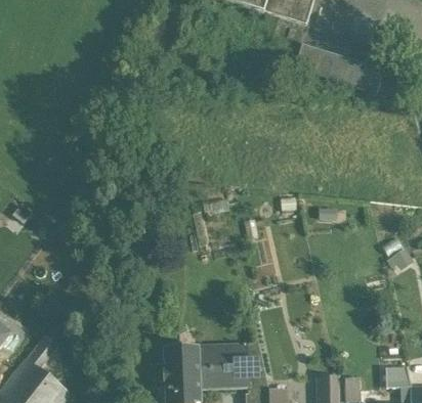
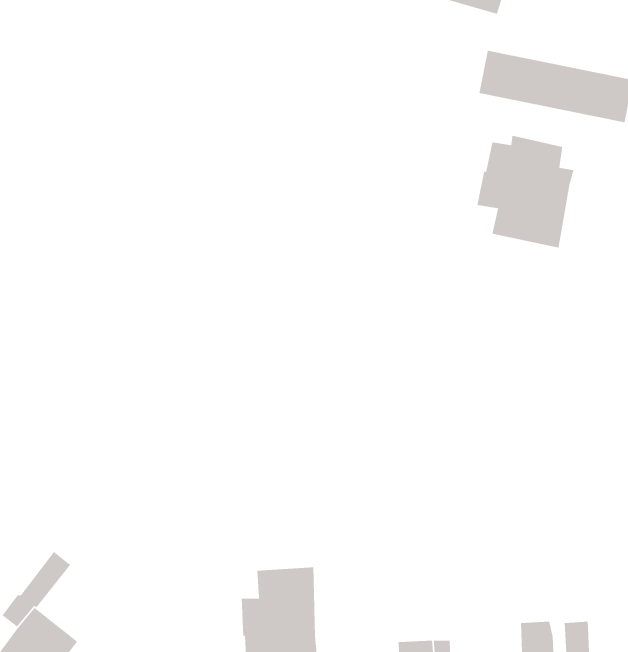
building: none -> [477,135,575,249]
building: [199,344,249,387] -> none

